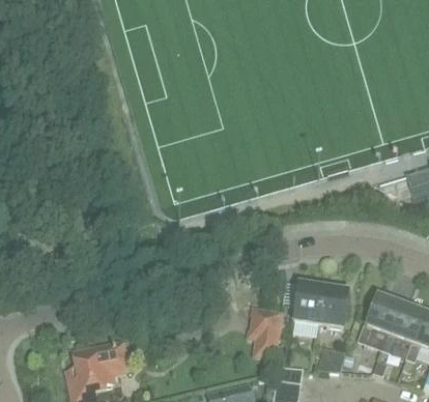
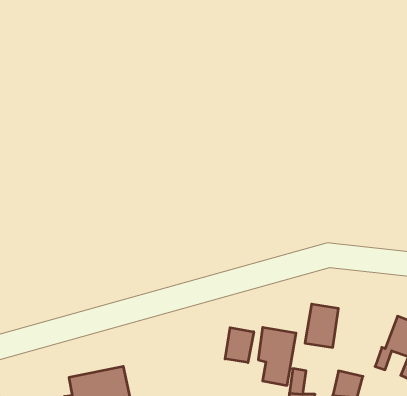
building: [317,287,346,327] -> none
building: none -> [225,328,254,363]

